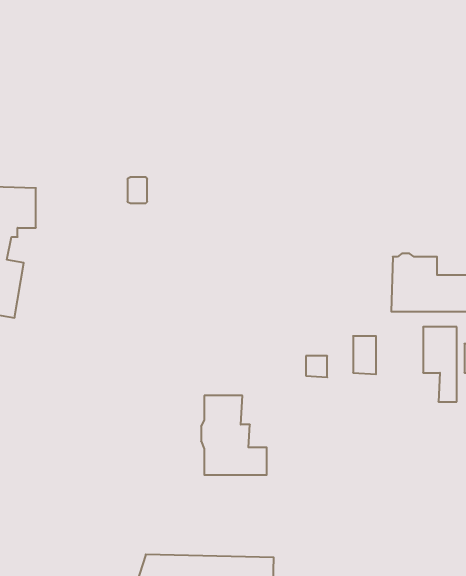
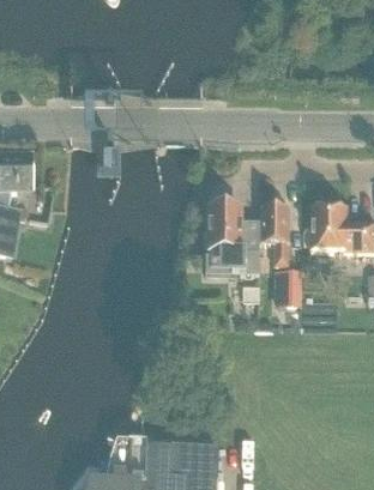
building: [423,327,457,402] -> [260,205,286,264]
building: [201,396,267,475] -> [206,205,258,267]

